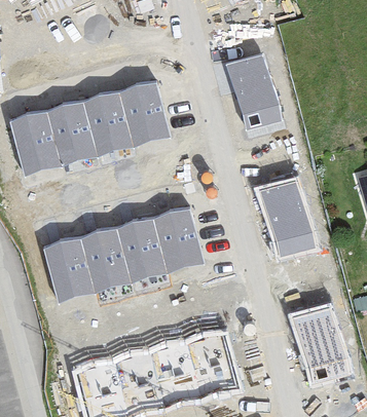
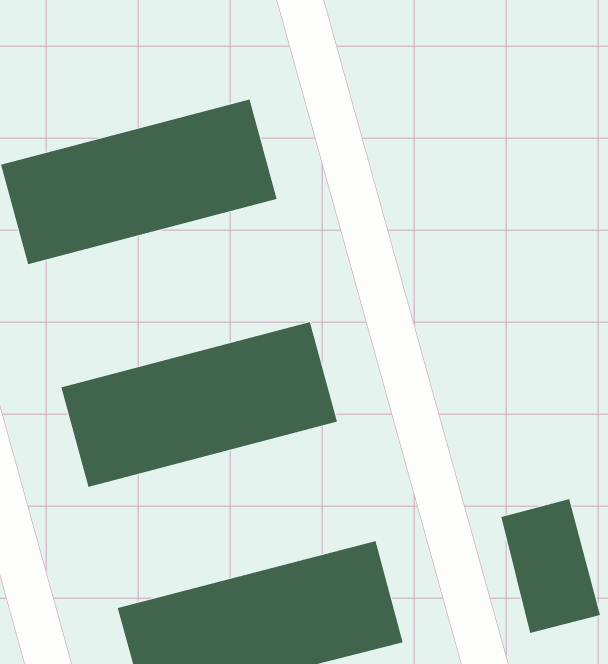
building: [226,54,284,129] -> none
building: [259,181,317,256] -> none

